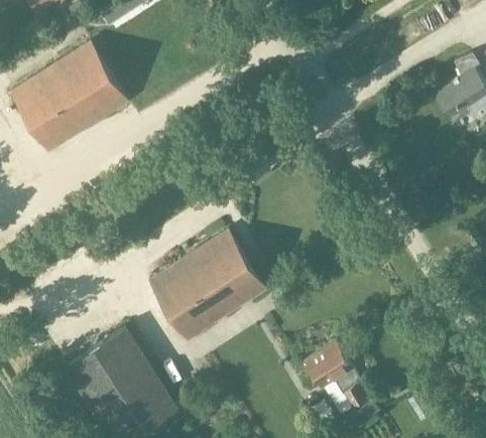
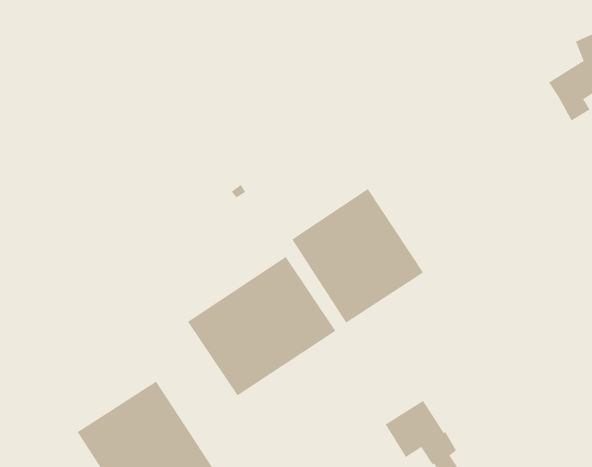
building: [10,42,126,151] -> none
building: none -> [291,188,424,323]

